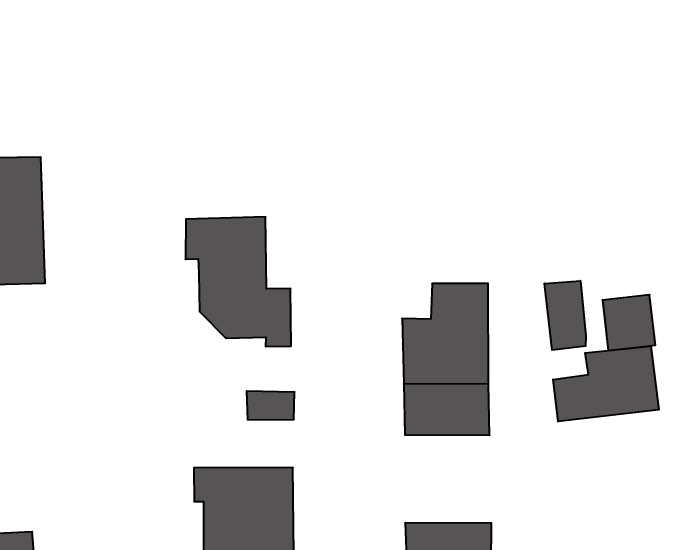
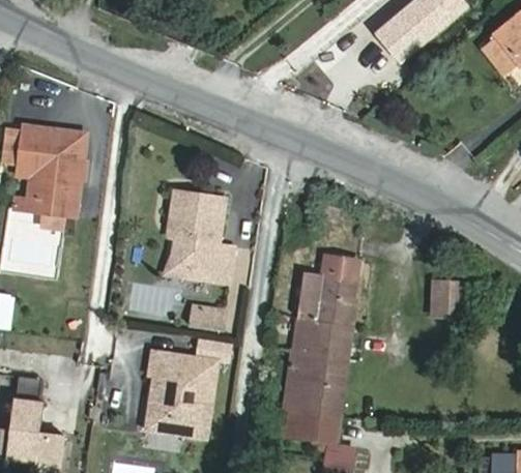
building: [544,281,586,350] -> none
building: [553,346,659,422] -> none
building: none -> [284,351,347,416]

